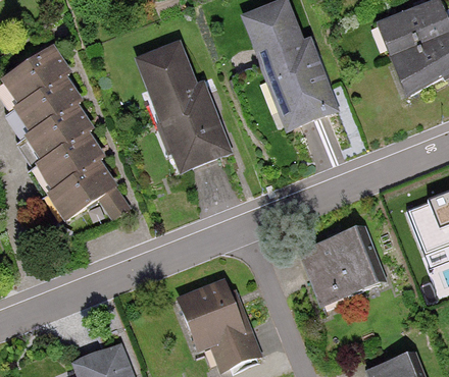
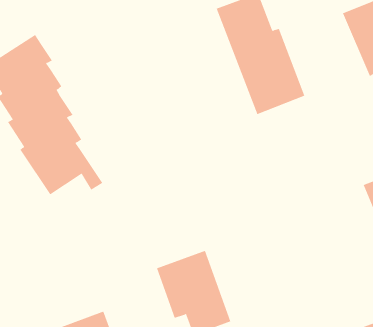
building: [138,43,231,172] -> none
building: [296,228,386,308] -> none

